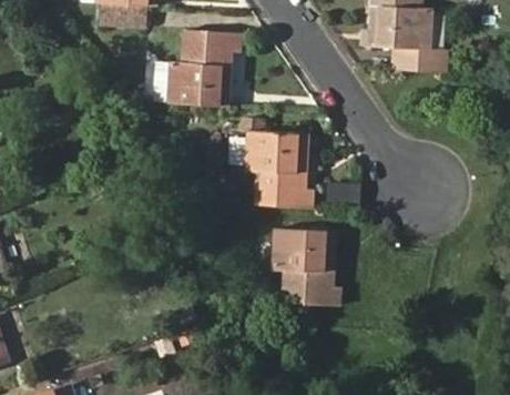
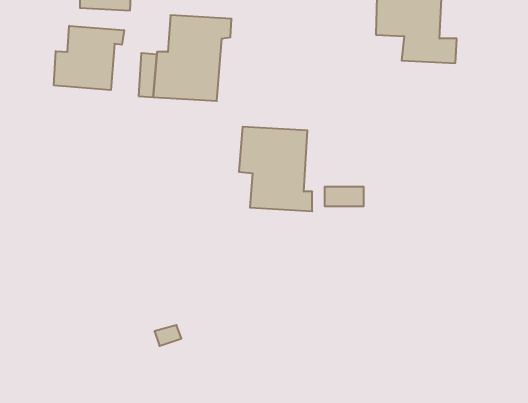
building: none -> [54,26,124,90]
building: [275,229,340,305] -> none

